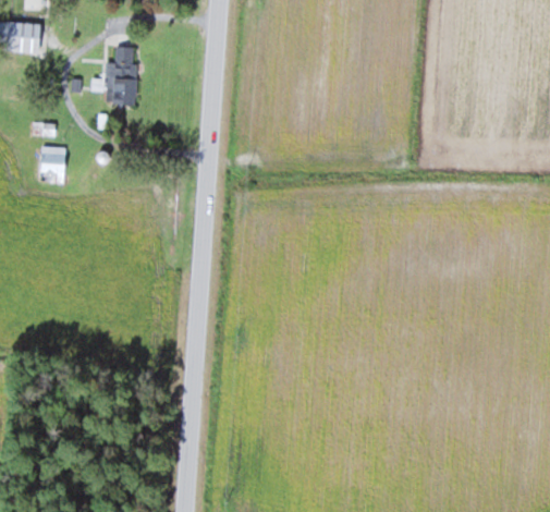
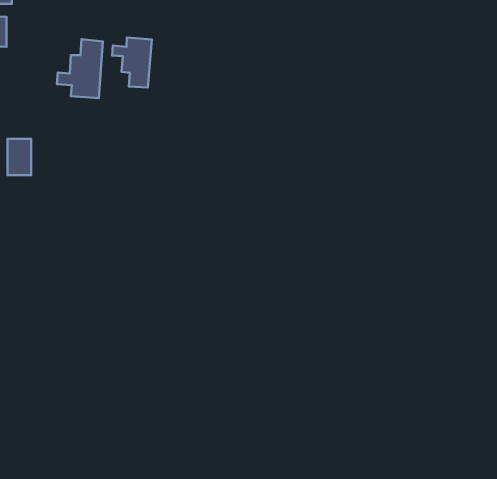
building: none -> [112,38,152,88]

